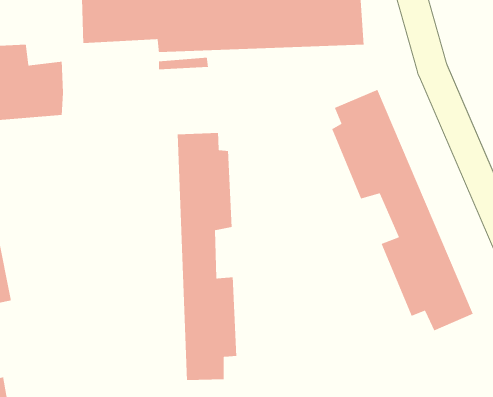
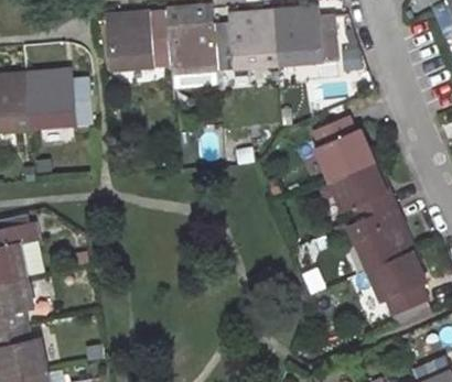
building: [177,132,237,381] -> none

